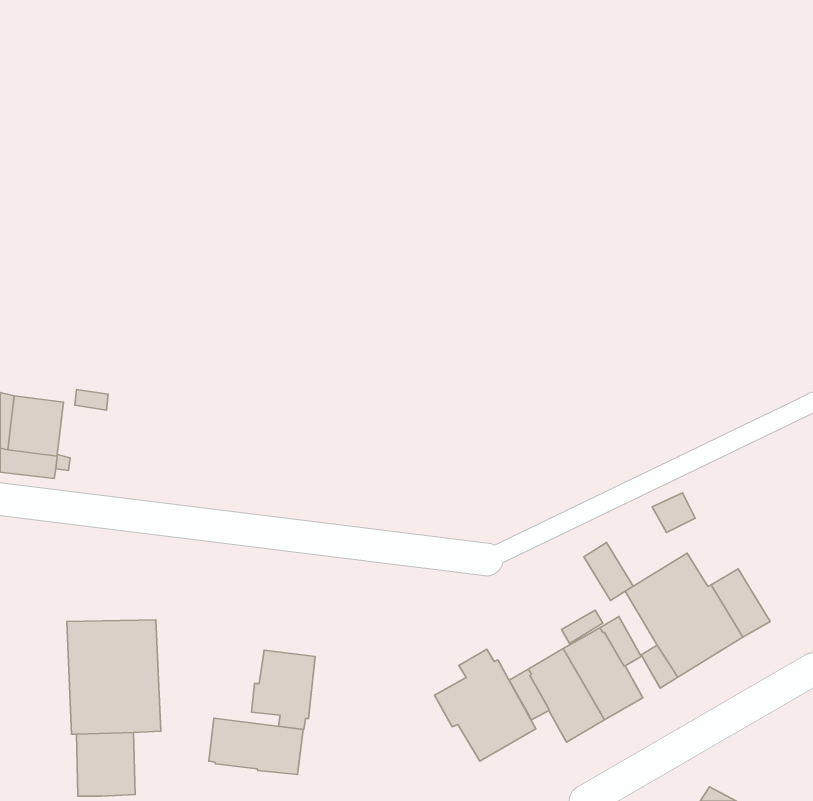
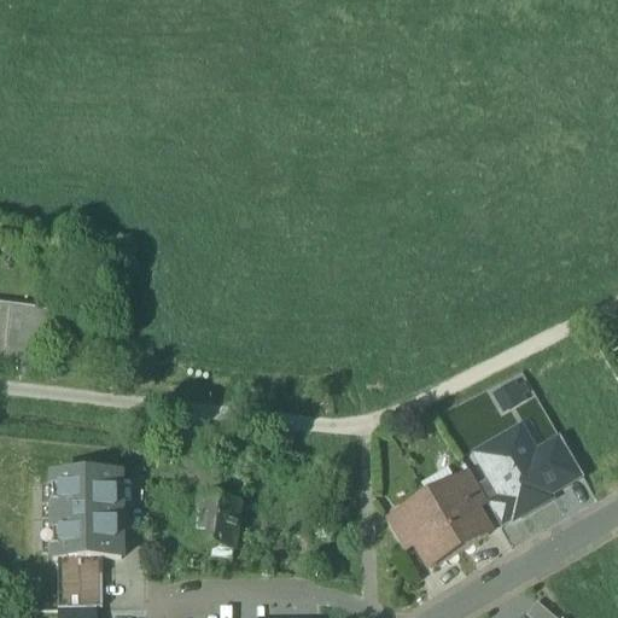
building: [584,543,633,600] -> none
building: [435,649,536,761] -> none
building: [209,718,303,774] -> none

